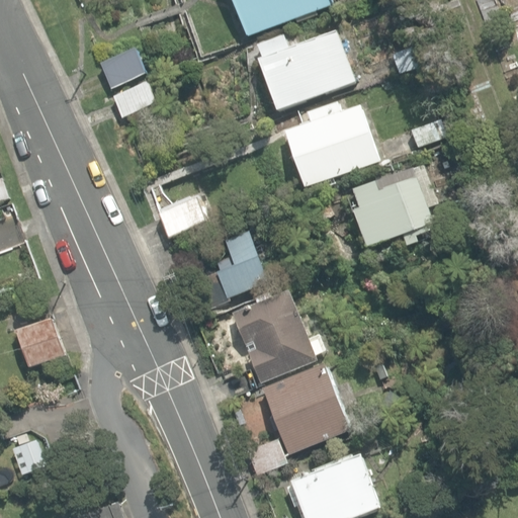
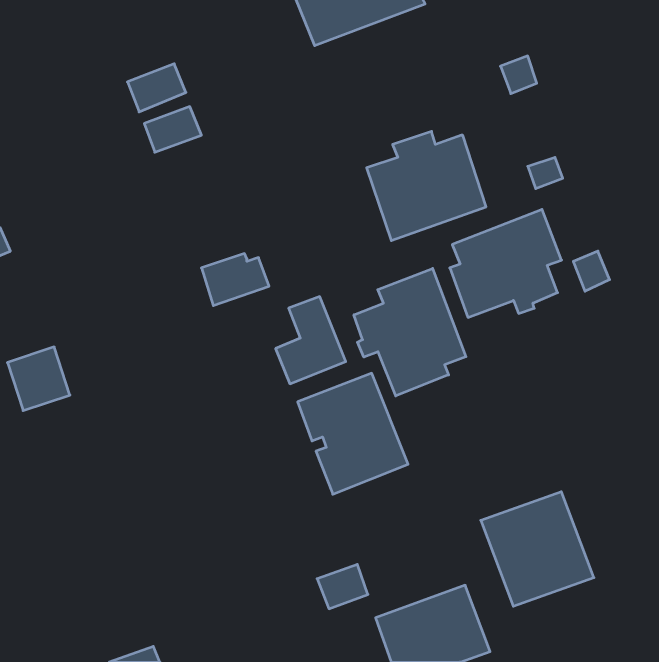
building: [258,30,353,109] -> none
building: none -> [354,268,466,396]
building: [15,317,64,366] -> [7,347,70,411]
building: [262,364,350,453] -> [481,492,594,606]

